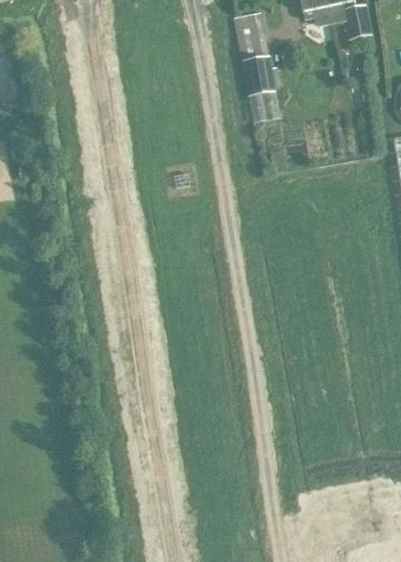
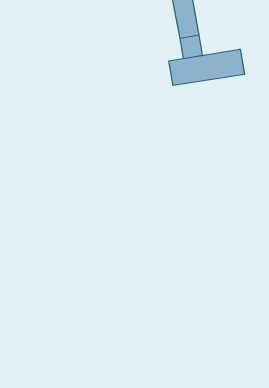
building: none -> [169,49,245,85]

